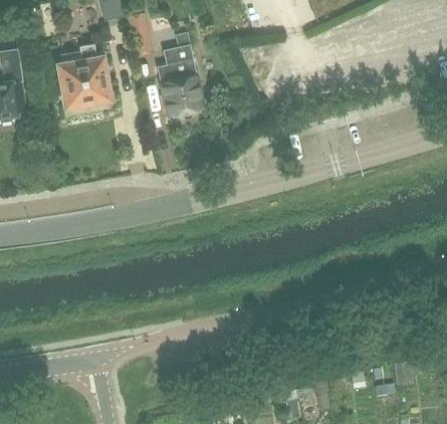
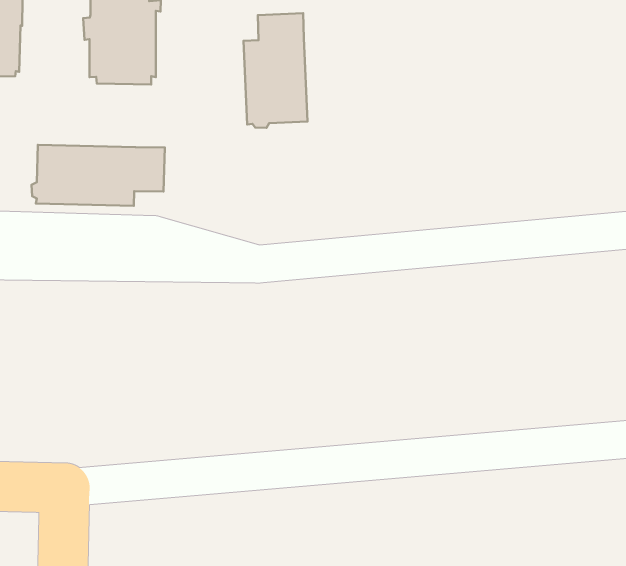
building: none -> [32,145,165,206]

